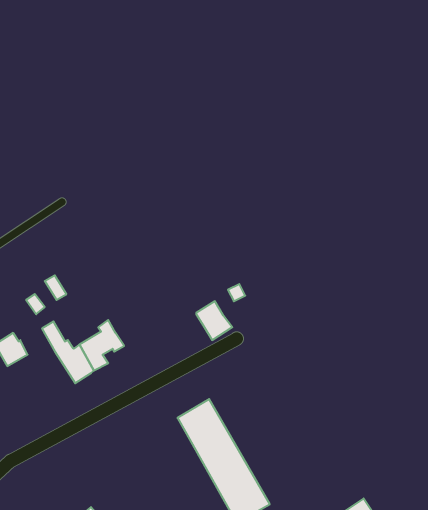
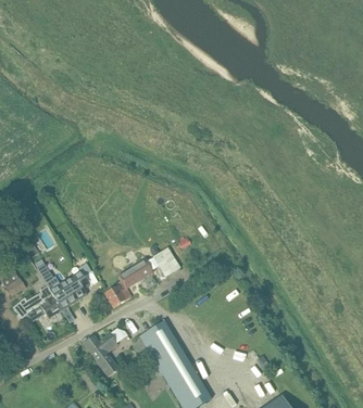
building: none -> [105,257,160,307]
building: none -> [14,285,63,318]
building: none -> [85,332,118,377]

